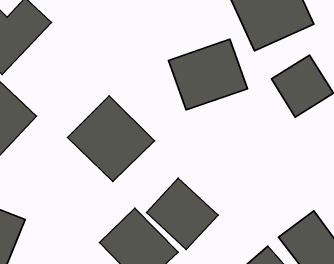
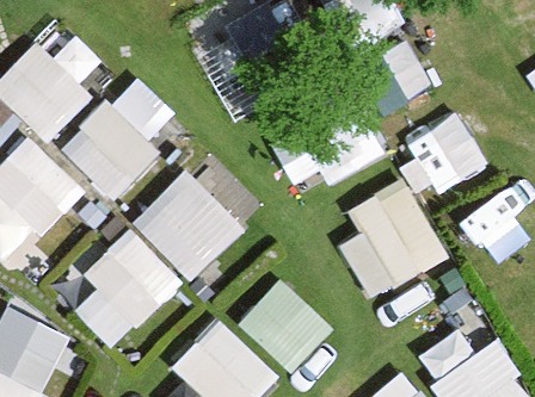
building: none -> [54,99,156,200]
building: none -> [333,178,447,297]
building: none -> [64,232,184,353]

